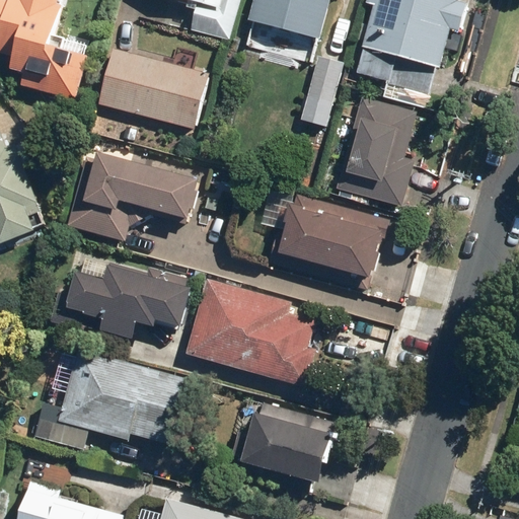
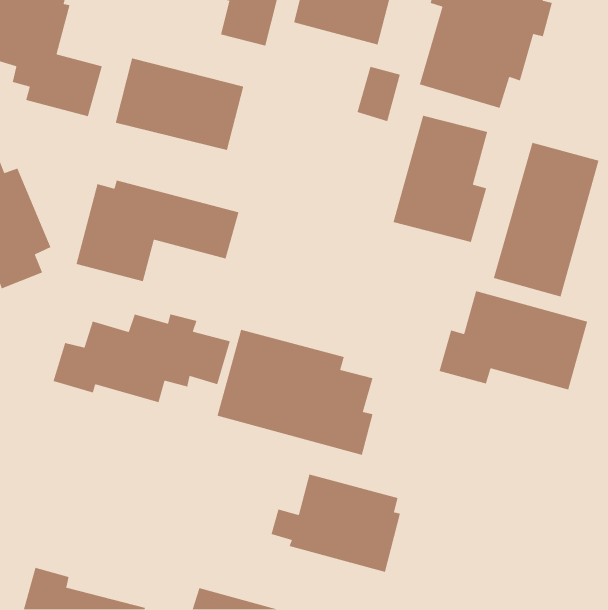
building: none -> [493,142,599,298]
building: [265,194,391,279] -> [438,290,588,391]
building: [32,350,188,448] -> none

